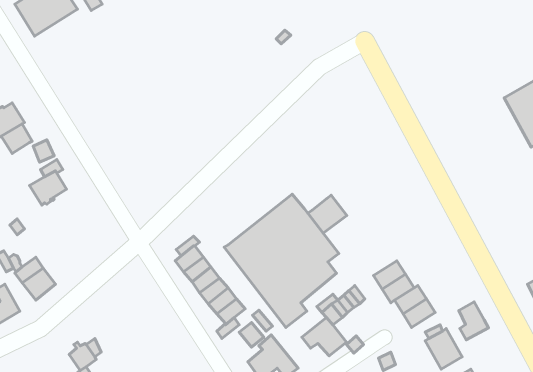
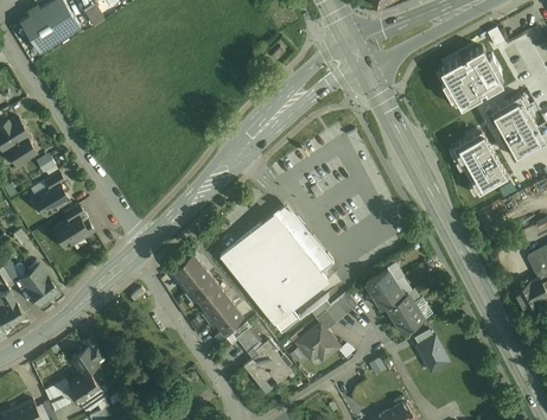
building: none -> [435,49,502,109]
building: none -> [449,132,507,196]
building: [308,195,347,233] -> none
building: none -> [52,215,94,248]
building: [459,302,489,340] -> none

